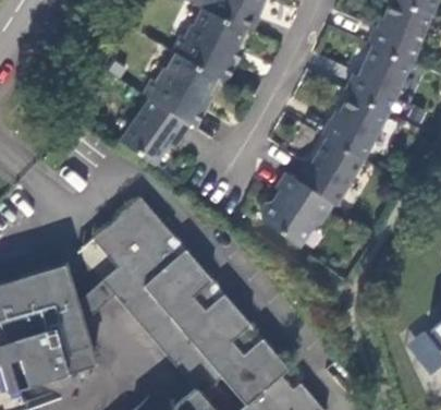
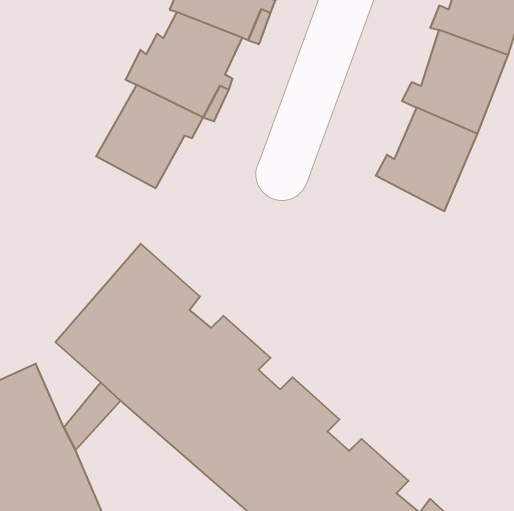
building: [258,169,331,242] -> none

